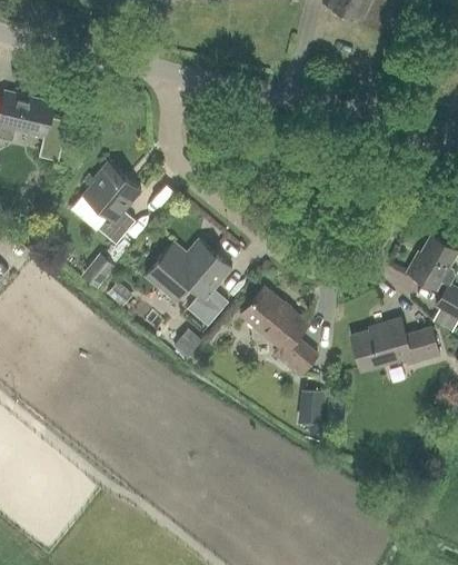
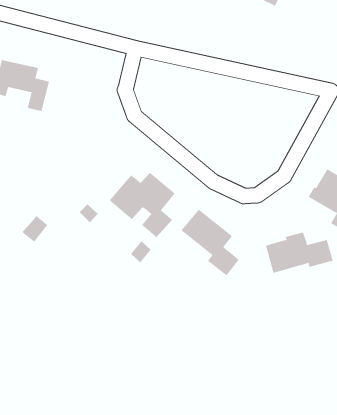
building: [83,162,141,244] -> none
building: [81,251,116,287] -> [22,215,48,242]
building: [299,390,323,425] -> none

